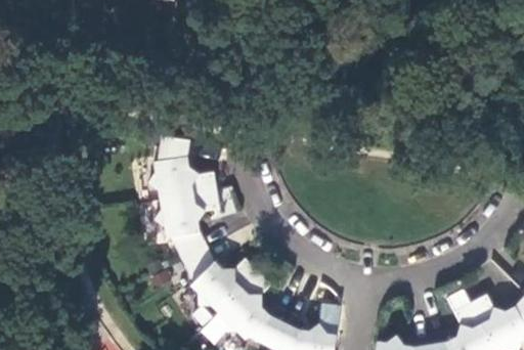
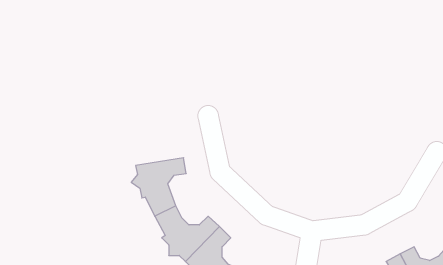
building: [148,137,216,201] -> none

